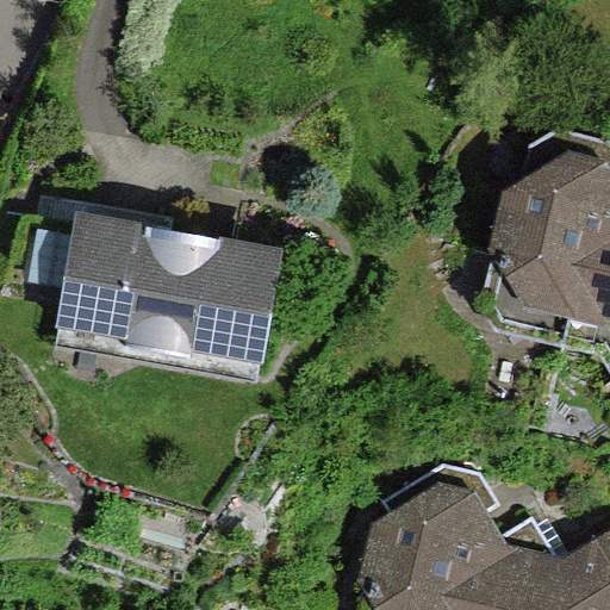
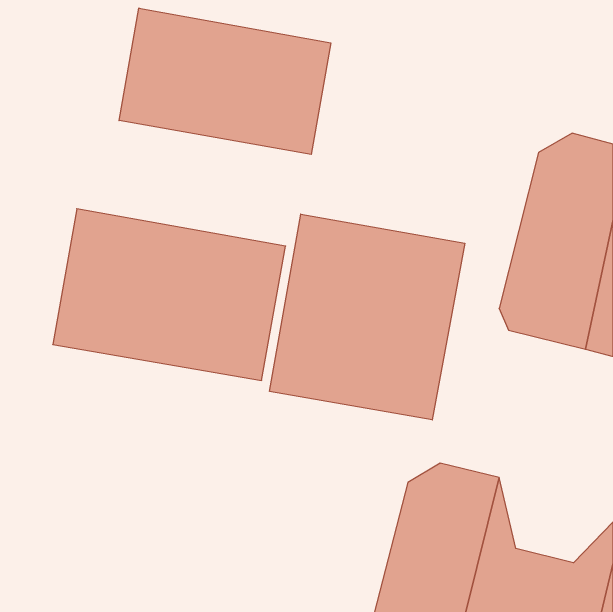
building: none -> [119,8,331,154]
building: none -> [270,214,465,420]

